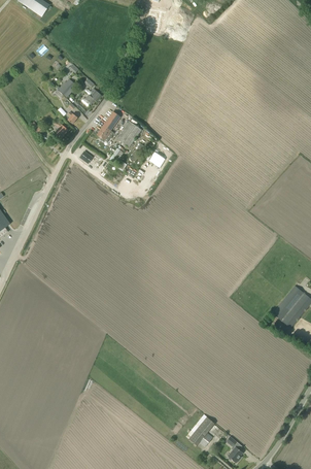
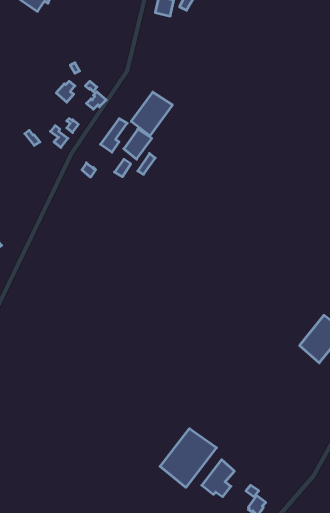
building: none -> [131,92,172,136]
building: none -> [160,429,217,487]

